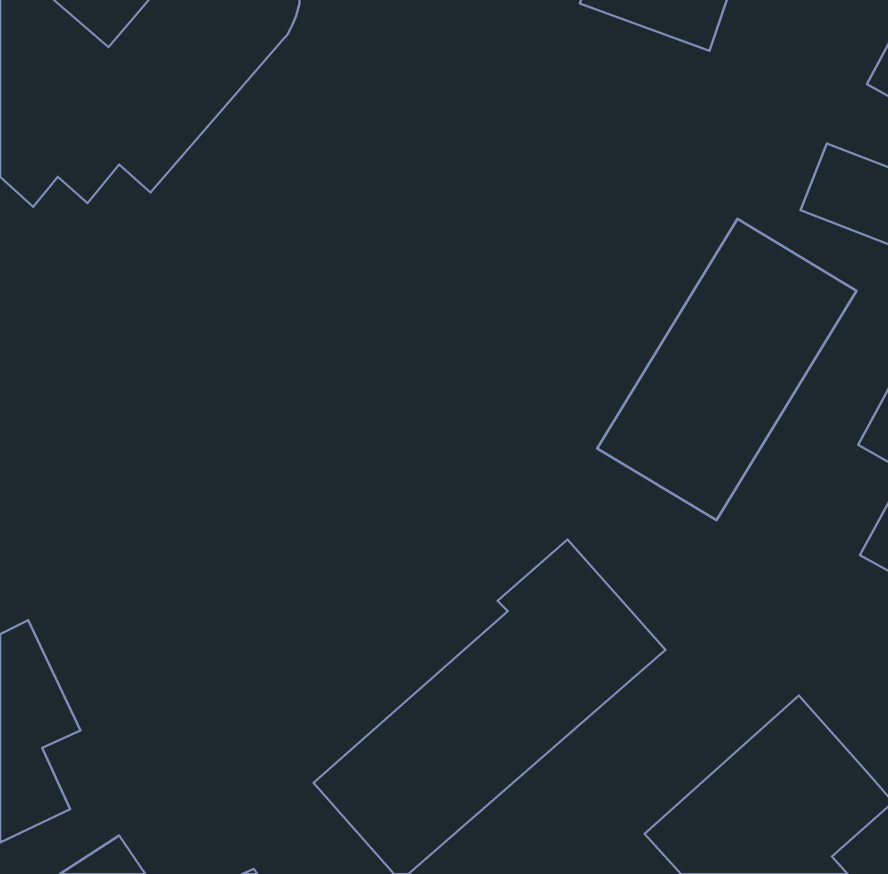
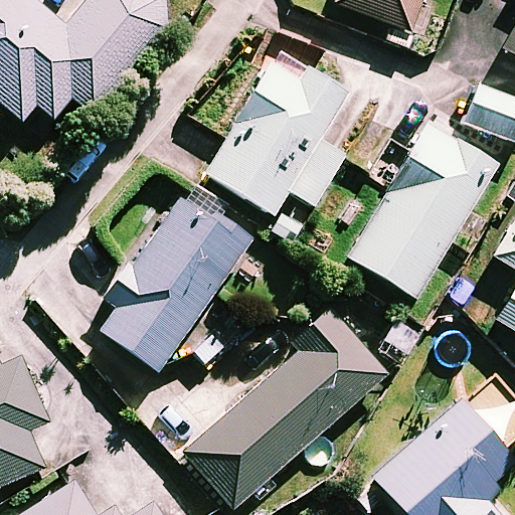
building: none -> [206,61,345,213]
building: none -> [104,191,252,371]

